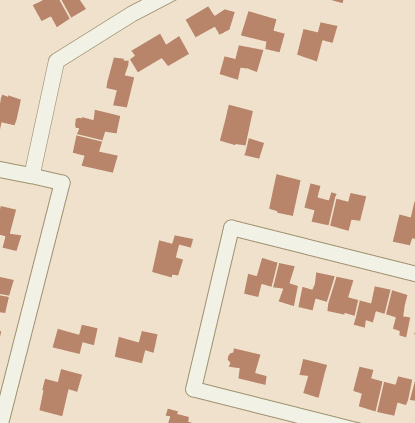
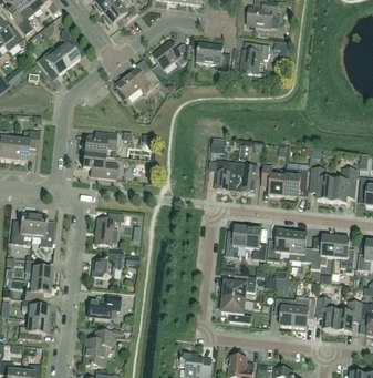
building: [218,44,265,81] -> none
building: [106,57,135,108] -> none
building: [219,104,254,146] -> [215,159,238,190]
building: none -> [311,167,334,201]
building: [151,234,194,278] -> [95,212,124,245]
building: none -> [221,274,257,298]
building: [114,330,158,364] -> [92,252,123,277]
building: none -> [293,296,317,327]

